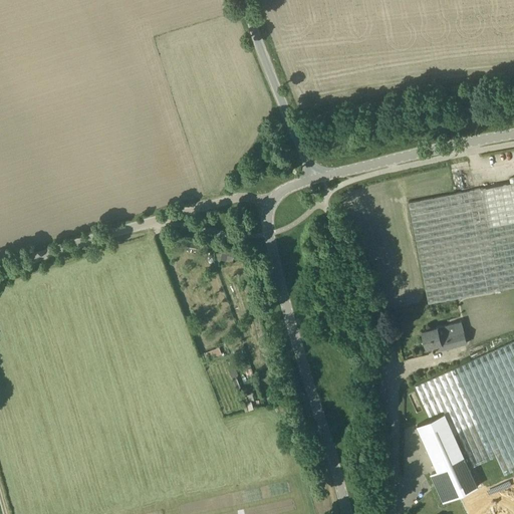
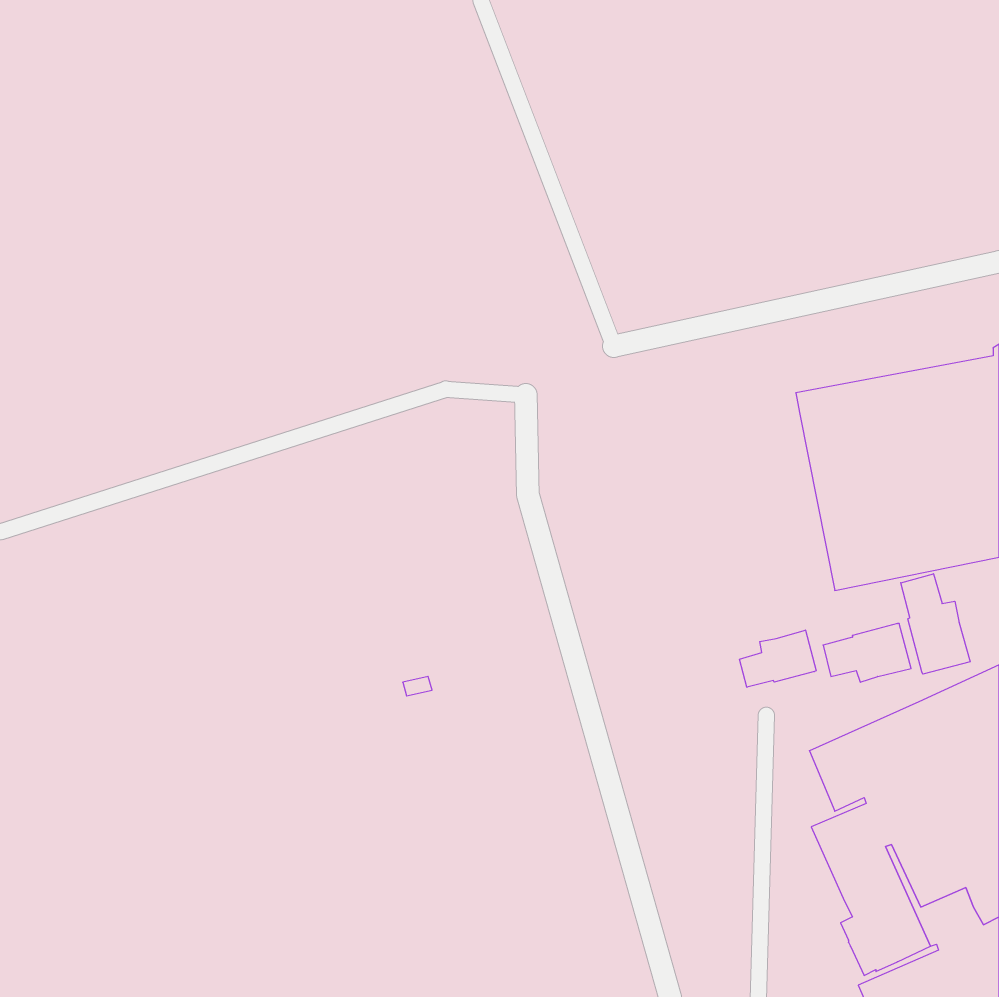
building: none -> [901,574,970,674]
building: none -> [739,630,816,687]

